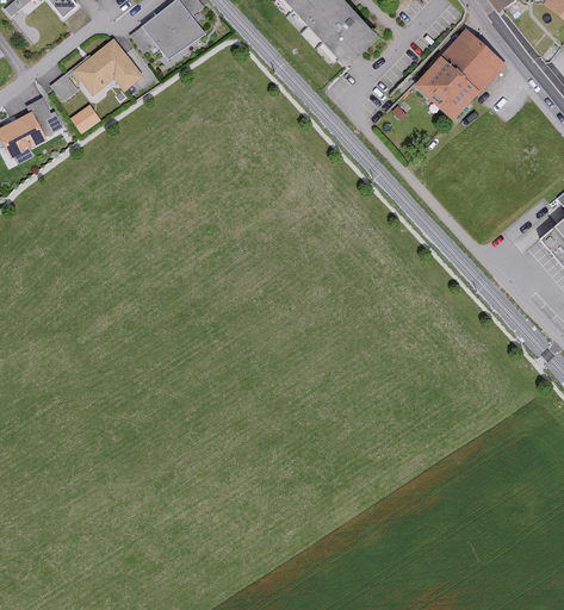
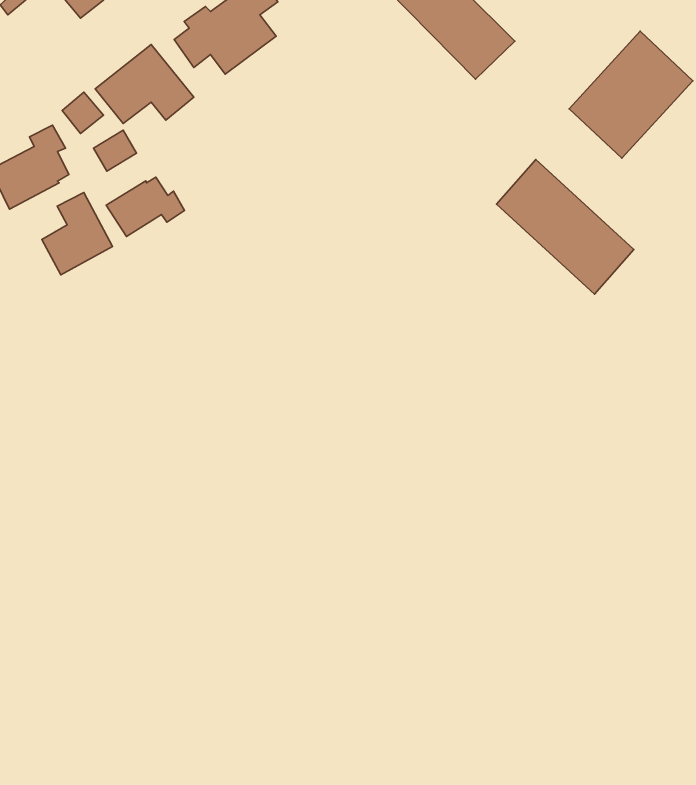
building: none -> [496,160,634,294]
building: none -> [106,177,185,236]
building: none -> [42,192,113,275]

